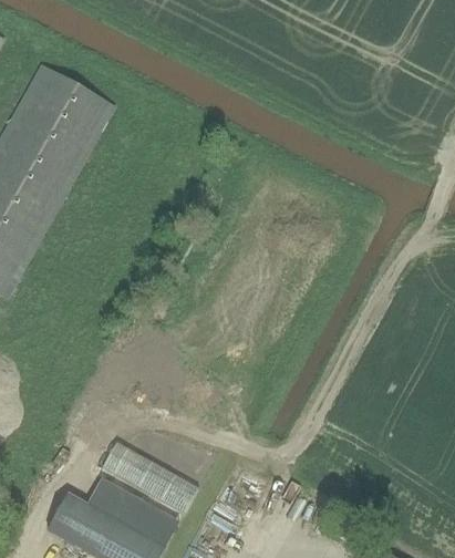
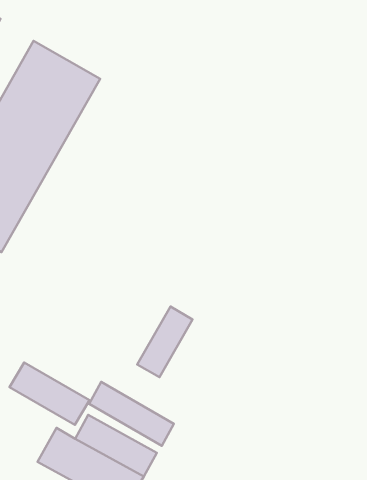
building: none -> [137,306,193,377]
building: none -> [10,362,89,425]

